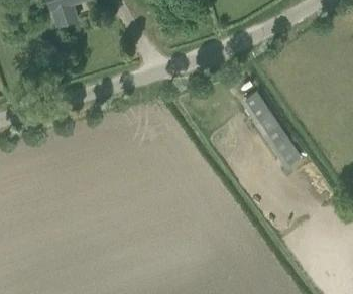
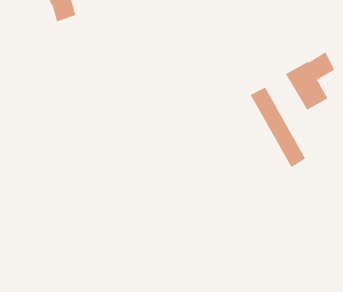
building: none -> [285,52,336,111]

